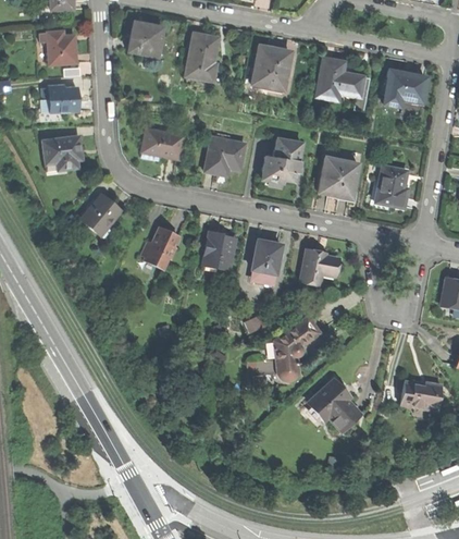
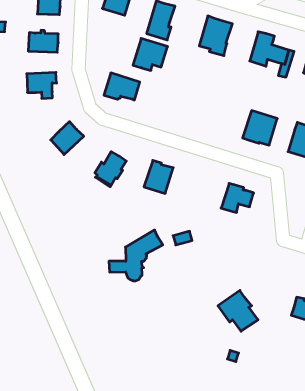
building: [204,137,245,175] -> [133,38,168,70]
building: [262,137,302,181] -> none
building: [251,238,282,283] -> none
building: [256,315,320,380] -> [109,230,163,281]

